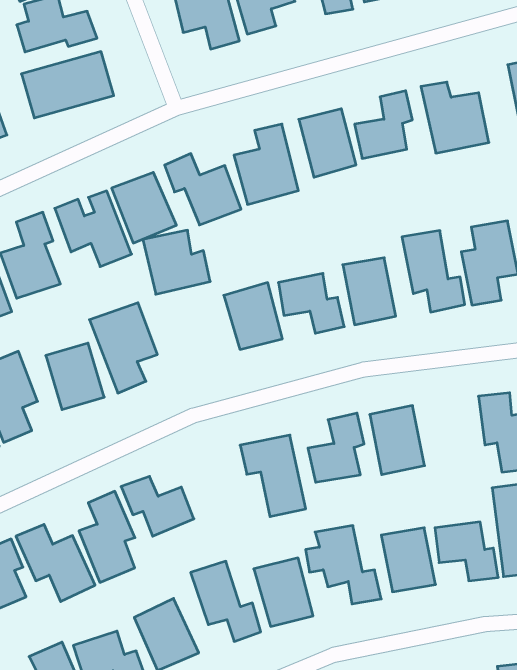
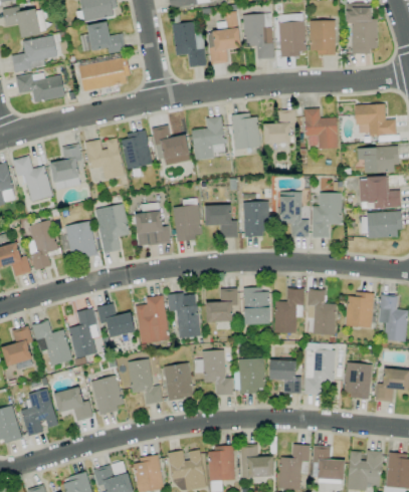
building: [143,230,210,294] -> [136,212,170,245]
building: none -> [274,288,303,332]
building: none -> [137,295,169,342]

